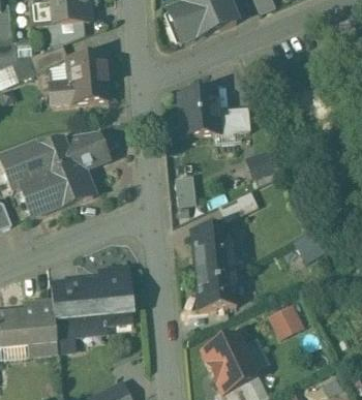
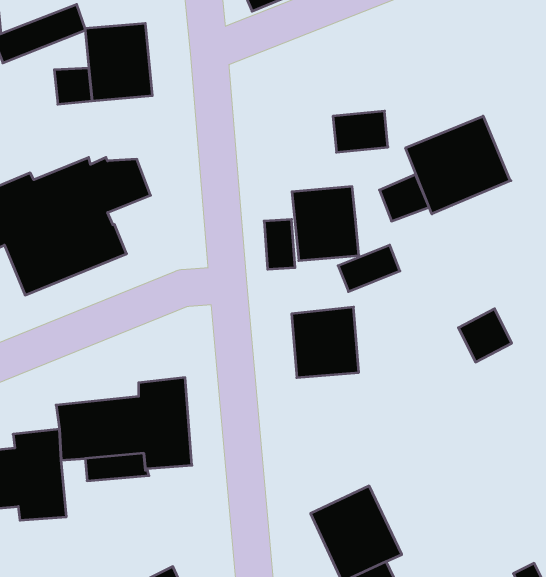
building: [179,91,219,135] -> [292,187,359,261]
building: none -> [406,116,511,214]
building: [195,265,237,307] -> none
building: [266,299,304,336] -> none

